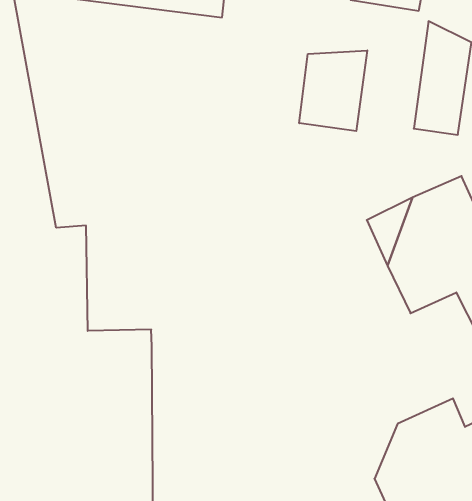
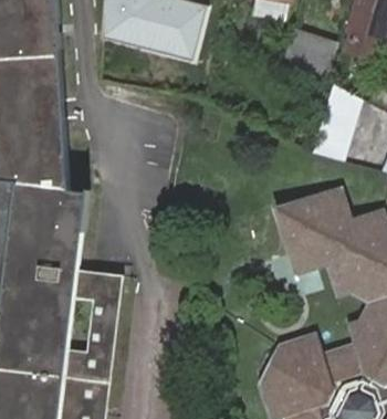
building: [299,50,367,131] -> none

